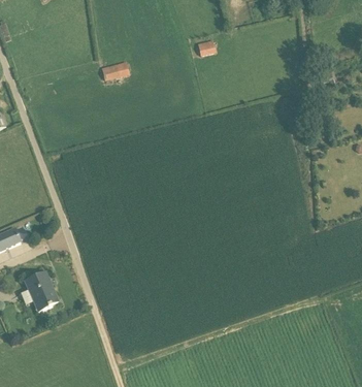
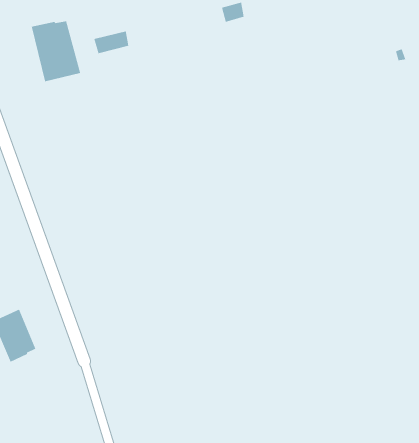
building: none -> [31,20,81,82]

